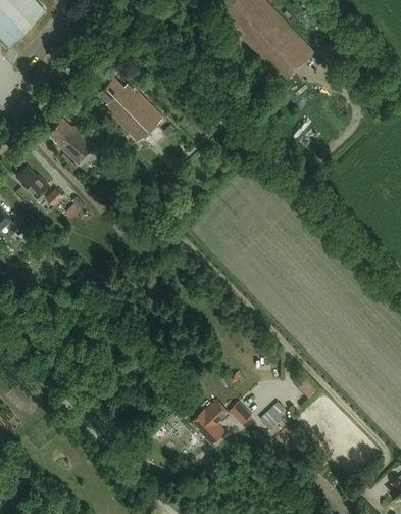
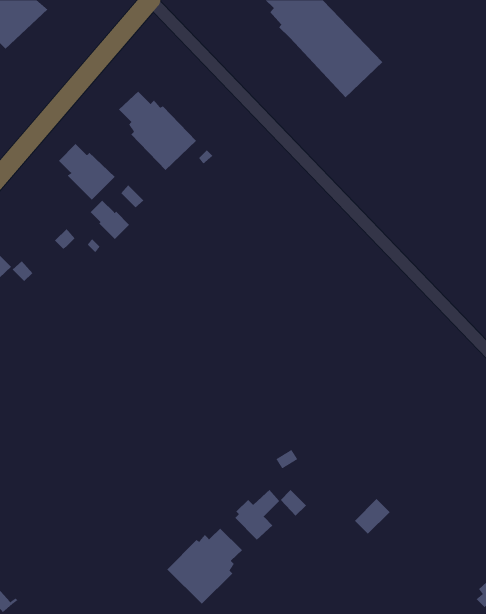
building: [16,166,49,198] -> [90,200,130,240]
building: [261,400,291,429] -> [354,498,390,535]
building: none -> [166,528,243,605]

